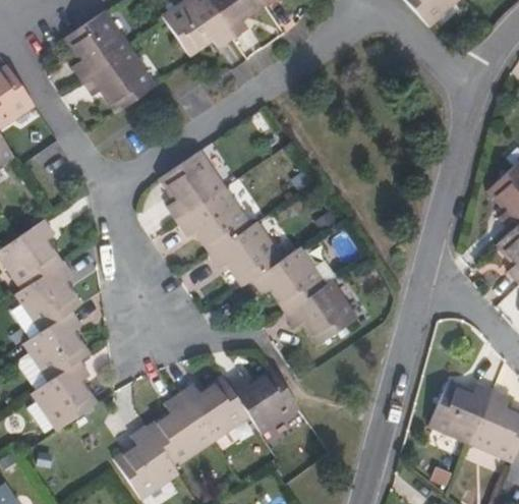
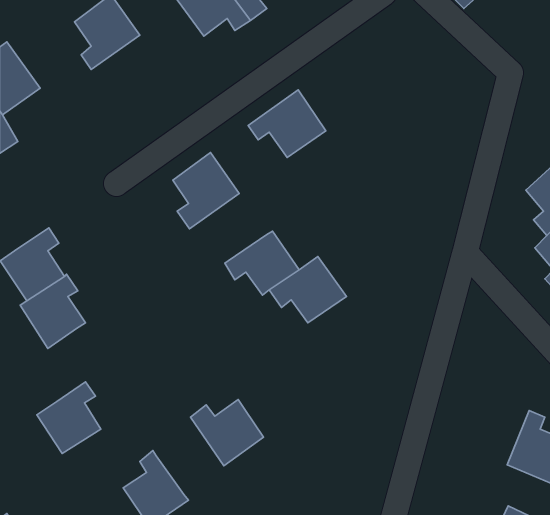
building: [86,46,157,108] -> none
building: [177,191,248,254] -> [248,90,326,158]
building: [283,281,353,342] -> none
building: [30,316,90,383] -> none
building: [228,372,298,433] -> none
building: [426,384,489,441] -> none
building: [147,397,209,468] -> none

